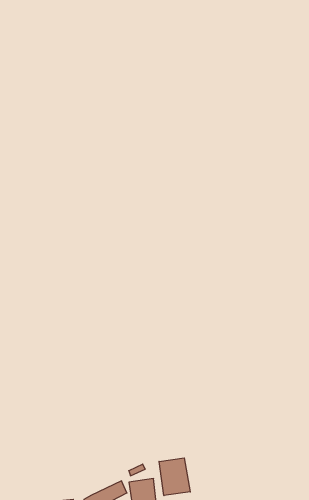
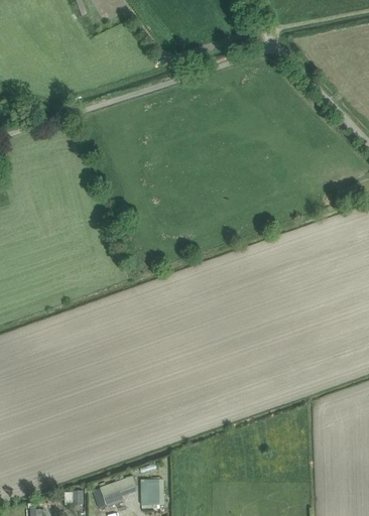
building: [159,458,190,496] -> none

